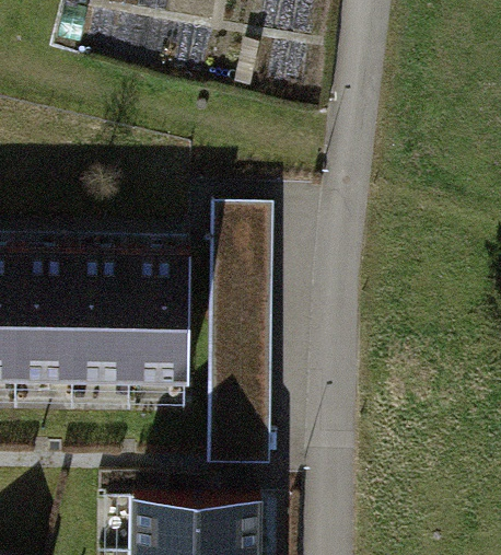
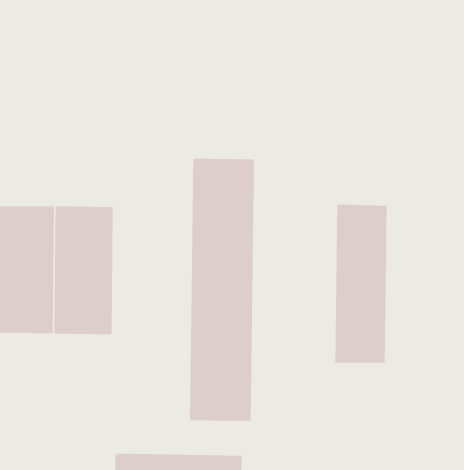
building: none -> [334,204,387,363]
building: [131,255,190,382] -> none

